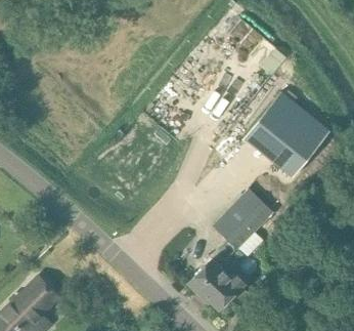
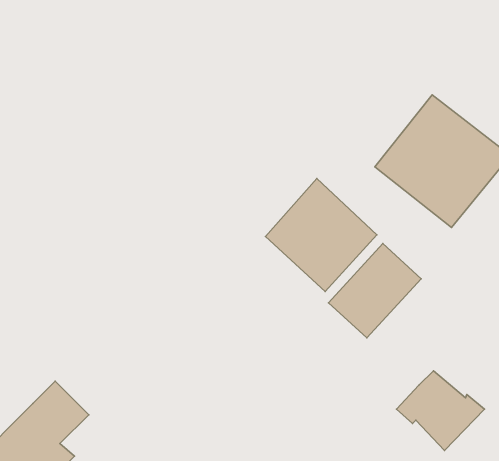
building: none -> [266,179,377,291]
building: [188,258,245,309] -> [397,371,485,451]

